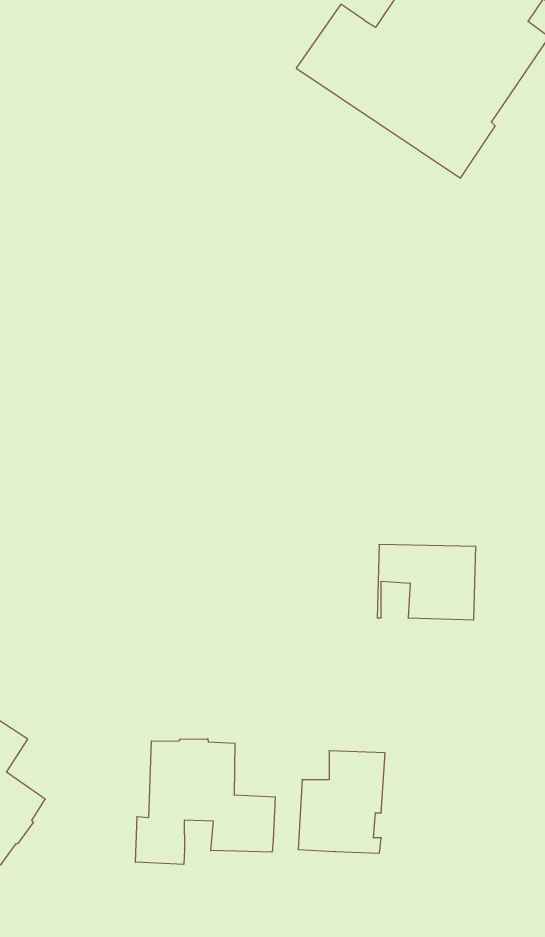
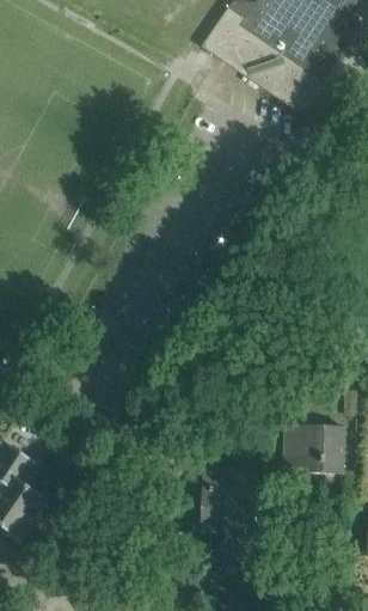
building: [377,544,476,620] -> [281,424,342,471]
building: [135,739,275,864] -> none

